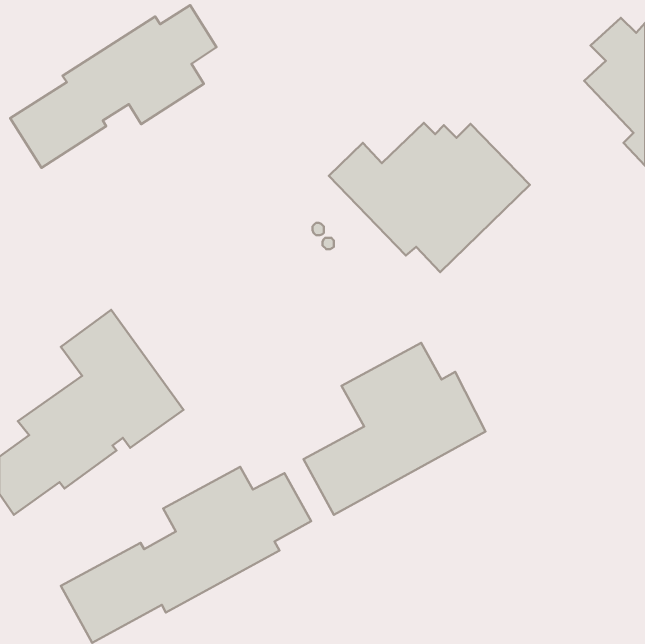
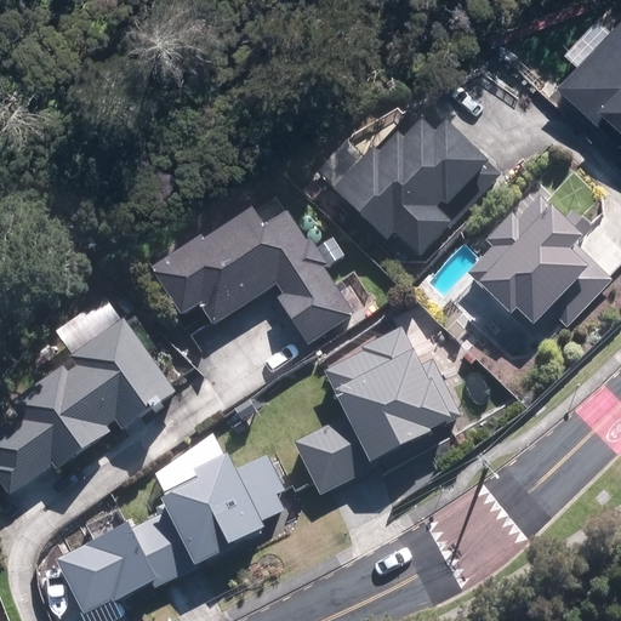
building: [10,5,217,168] -> none
building: none -> [141,165,348,346]
building: none -> [460,194,611,349]

